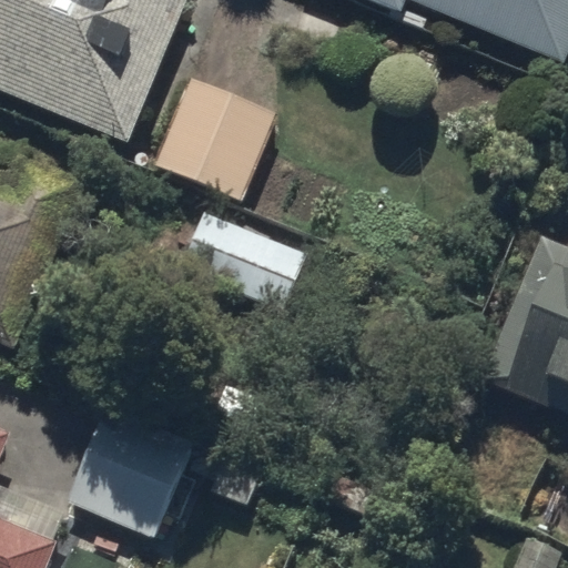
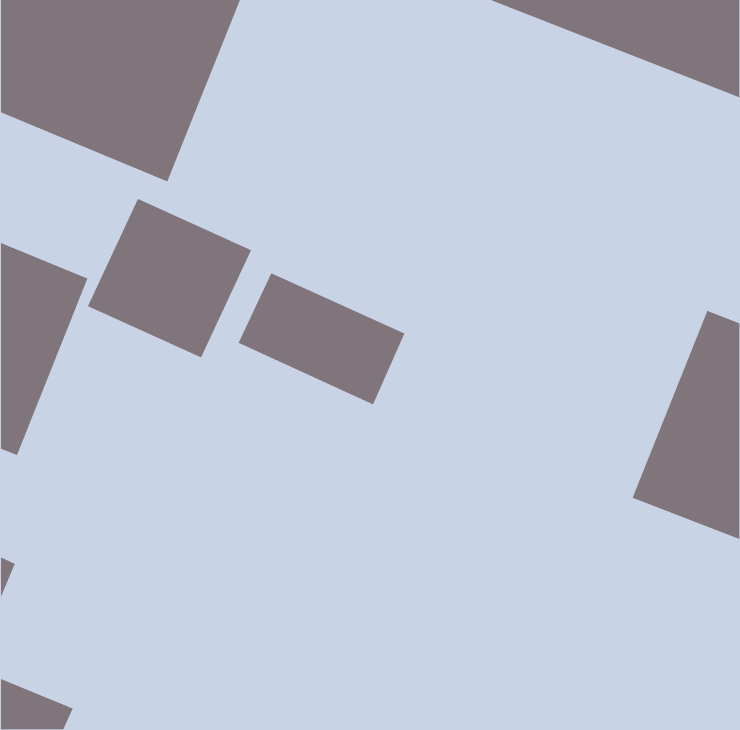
building: [152,78,278,201] -> [87,198,252,358]
building: [68,406,193,535] -> none

